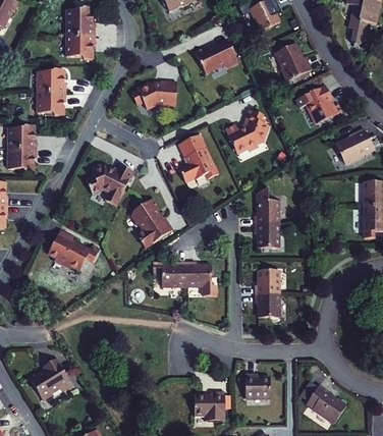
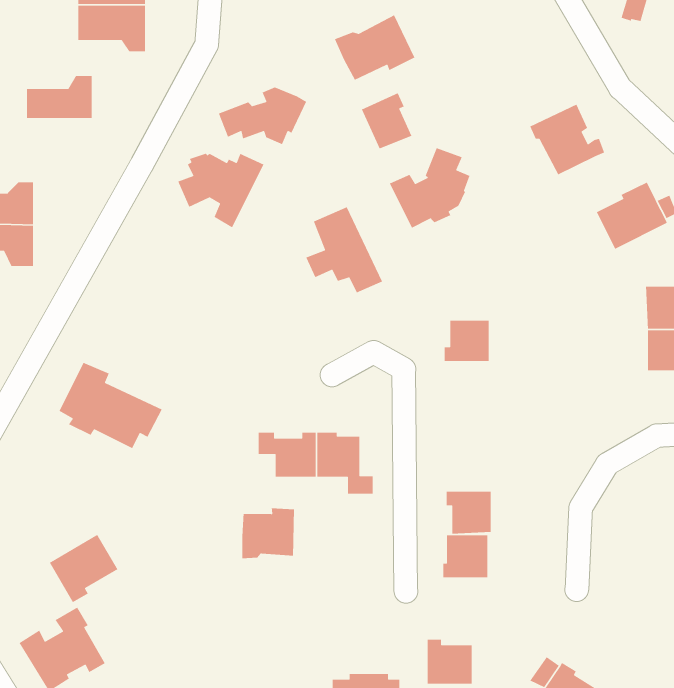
building: [275,43,312,81] -> none
building: none -> [361,92,413,149]
building: [31,94,66,117] -> none
building: [88,164,134,205] -> [177,153,265,229]
building: [128,199,172,248] -> none
building: [255,224,279,248] -> none
building: [256,270,280,293] -> [442,534,488,578]
building: none -> [241,508,295,559]
building: none -> [49,534,118,603]

